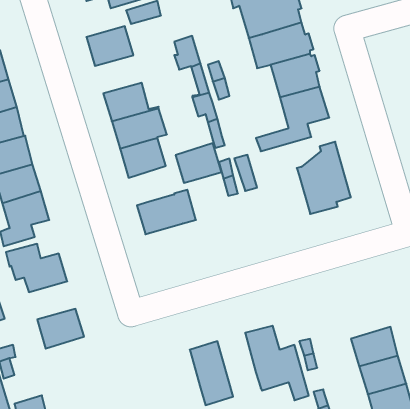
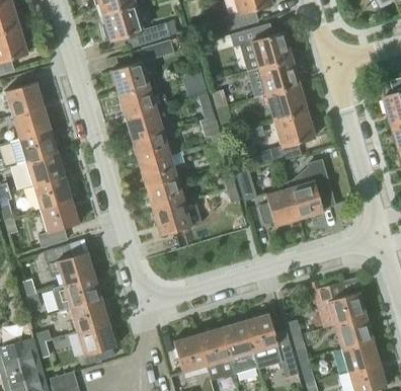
building: none -> [117,85,168,118]
building: [176,143,221,183] -> [146,178,184,212]
building: none -> [258,186,299,226]
building: none -> [52,276,101,311]
building: none -> [313,280,367,327]
building: none -> [221,319,257,373]
building: none -> [76,322,116,365]
building: none -> [174,333,207,373]

